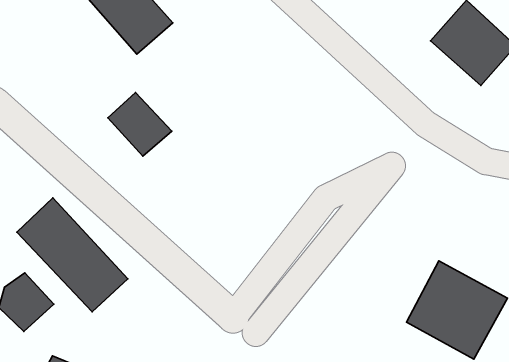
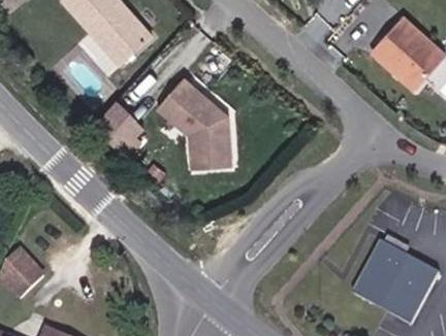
building: none -> [158,78,230,170]
building: [17,198,128,312] -> none

